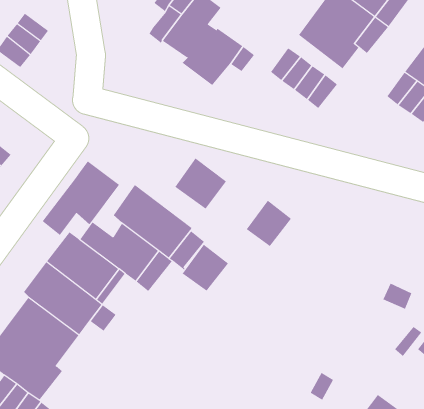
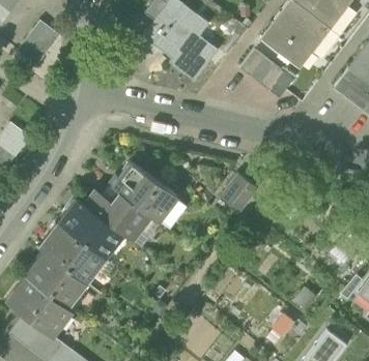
building: [174,158,227,209] -> none
building: [42,161,120,236] -> none
building: [182,244,229,292] -> none

